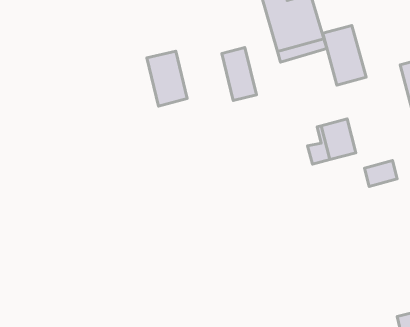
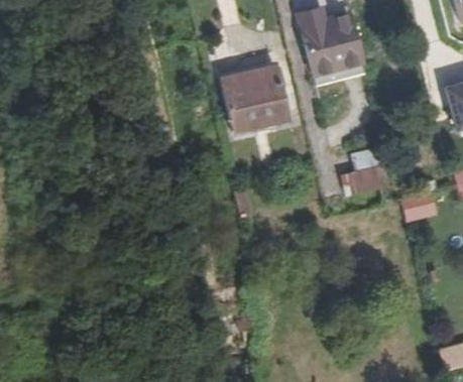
building: [323,25,366,85] -> none
building: [147,51,187,106] -> [225,75,267,132]

